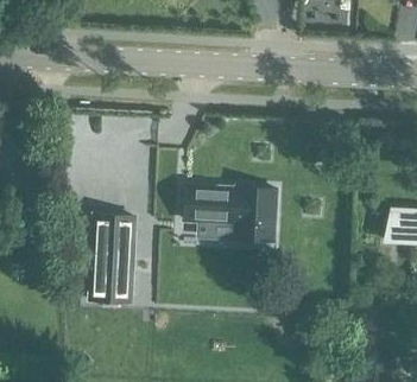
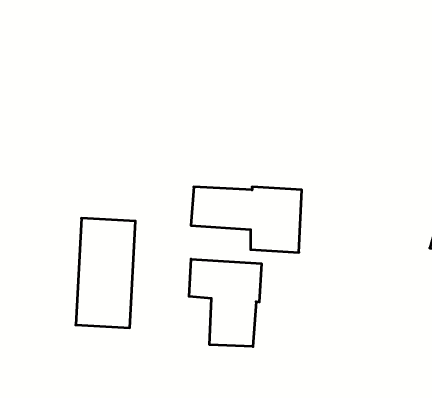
building: none -> [189,259,261,347]

